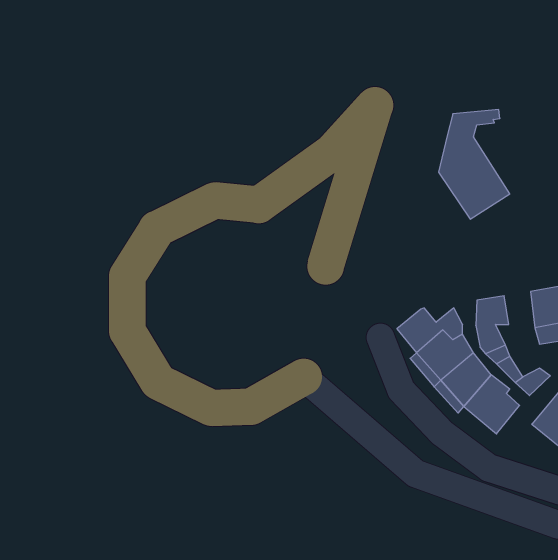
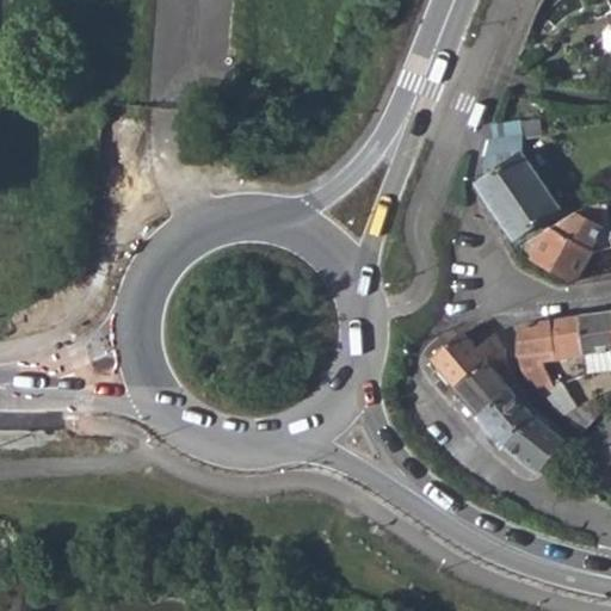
building: none -> [518,215,601,279]
building: none -> [551,317,585,362]

